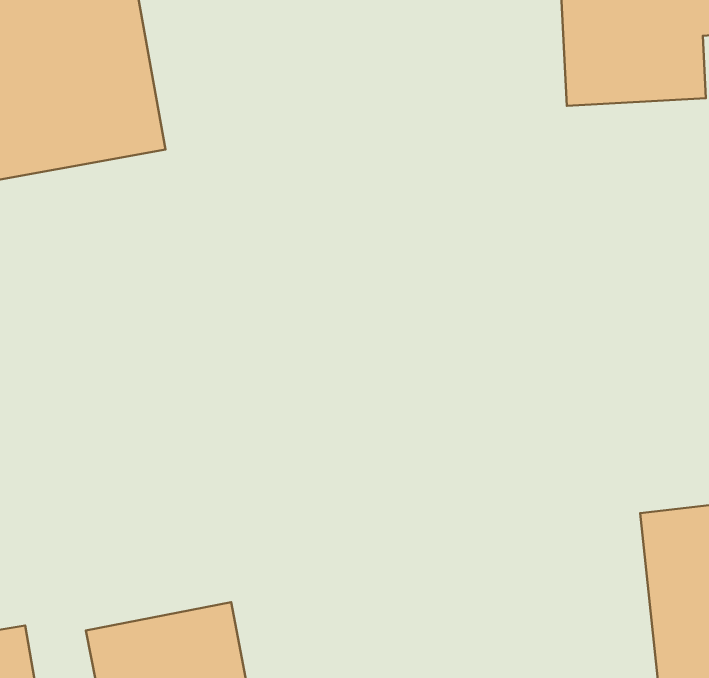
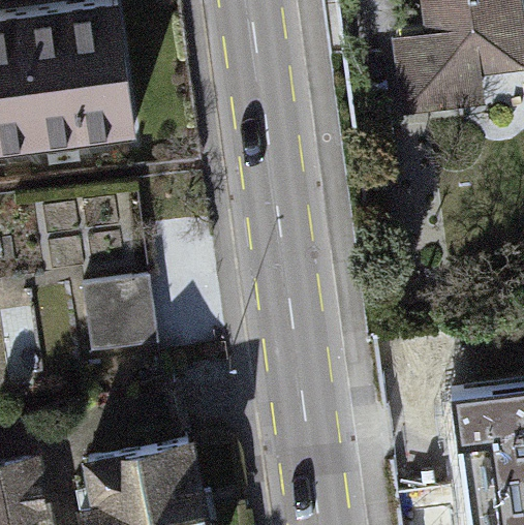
building: none -> [86,273,157,371]

